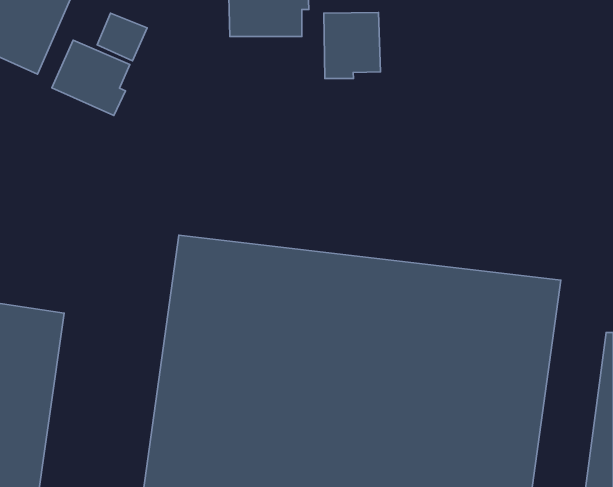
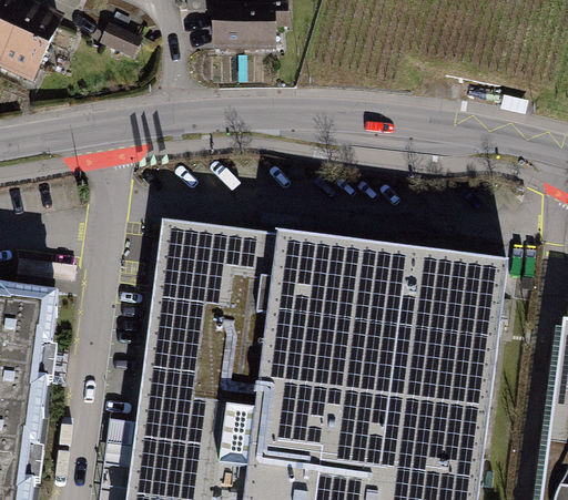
building: [324,13,381,79] -> none
building: [52,40,130,115] -> none

